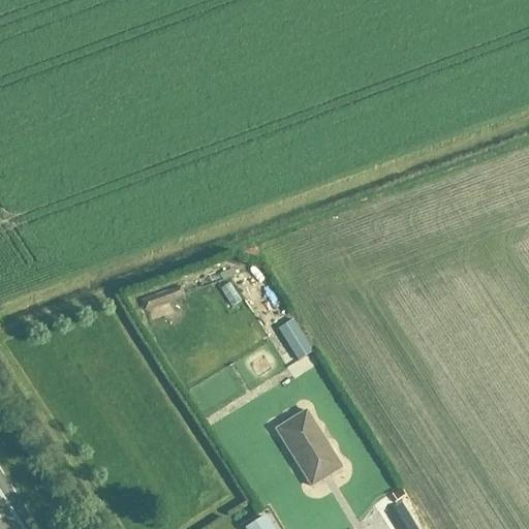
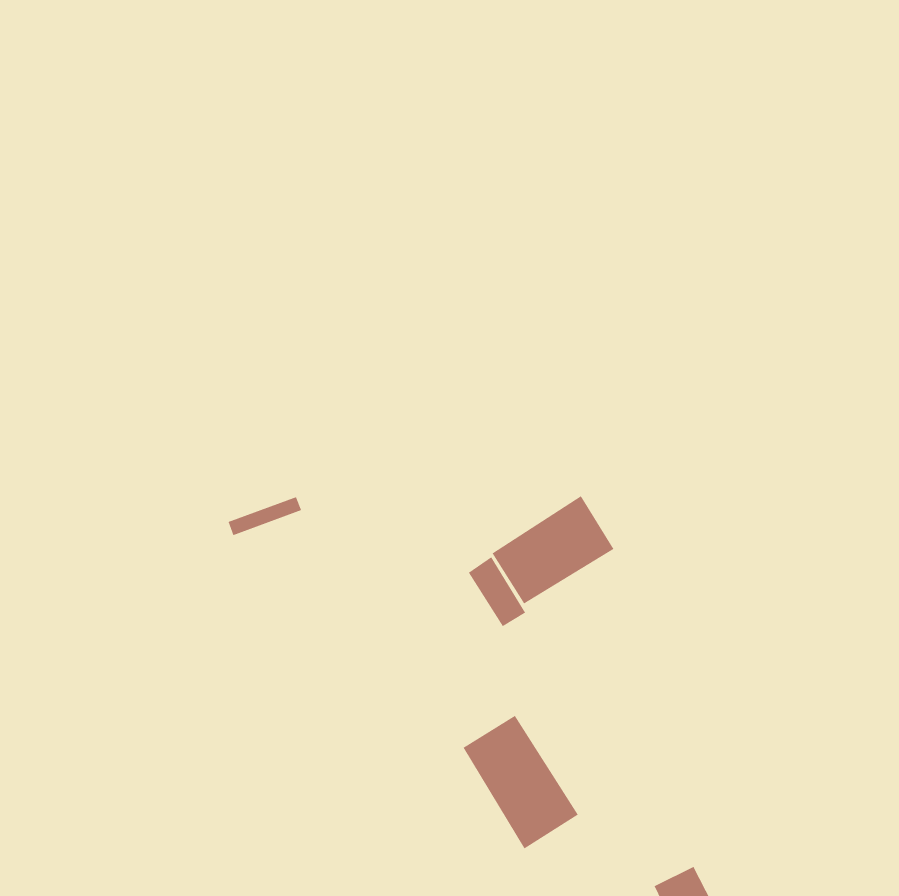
building: none -> [492,495,614,604]

